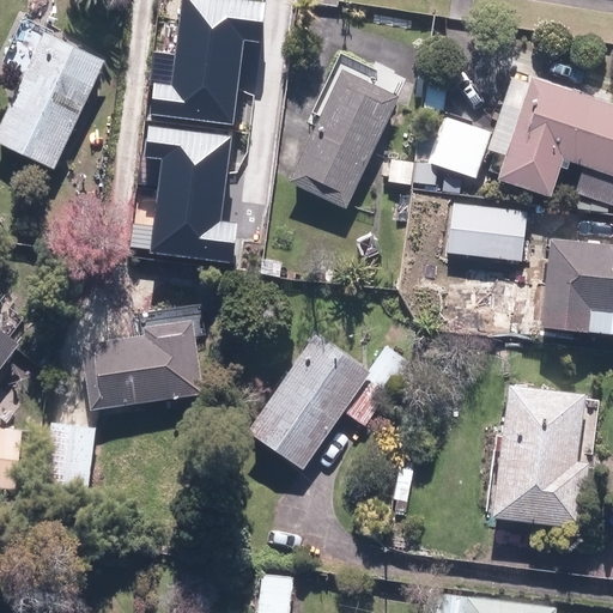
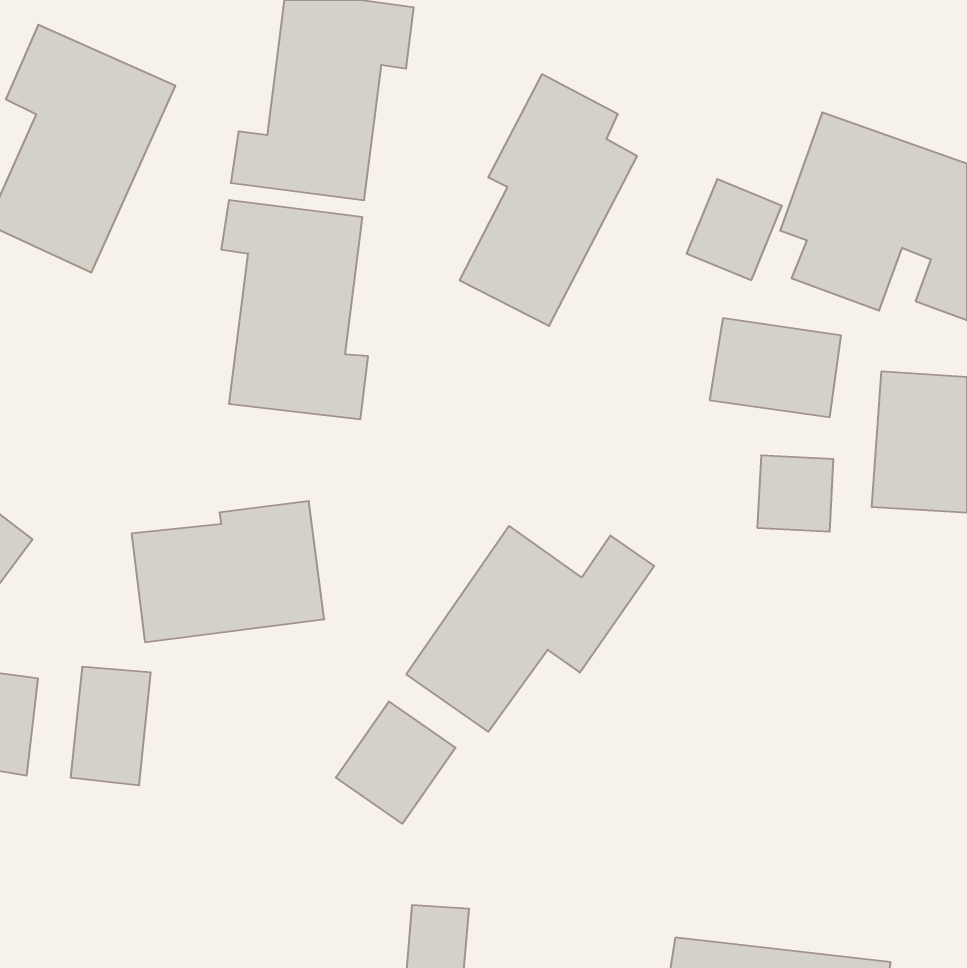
building: [494,383,590,526] -> none
building: none -> [336,701,456,824]

